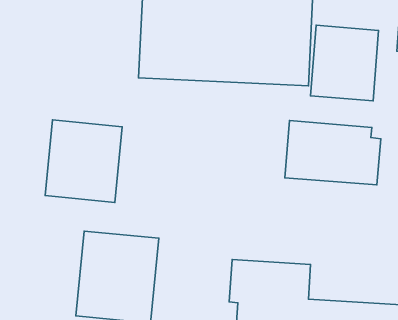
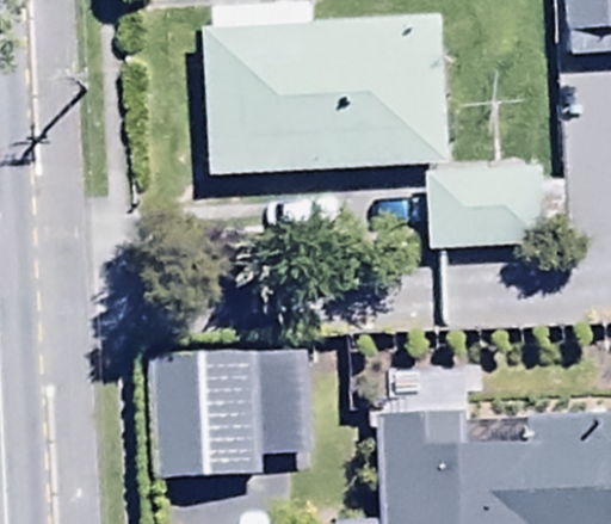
building: [311,25,379,101] -> none
building: [45,120,122,202] -> none

